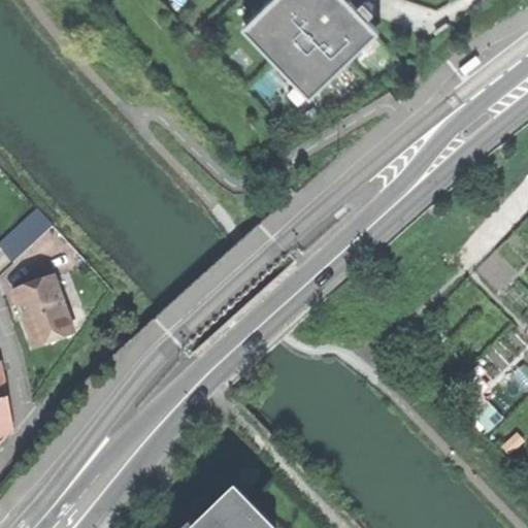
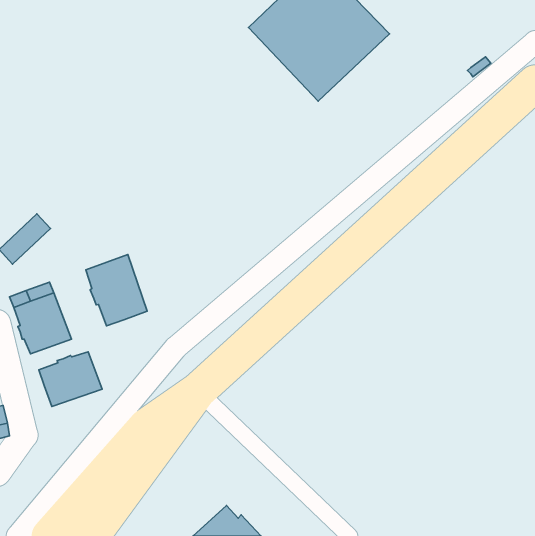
building: none -> [86,254,147,326]
building: none -> [39,352,102,407]

